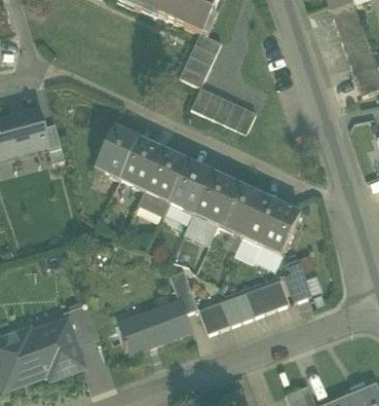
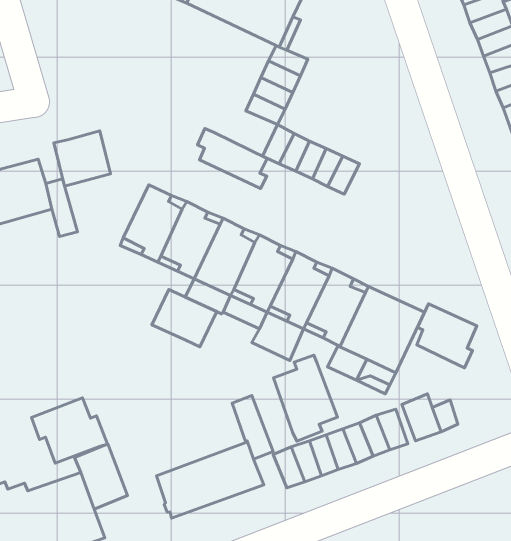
building: none -> [198,129,267,189]
building: none -> [54,131,111,186]
building: none -> [152,290,217,347]
building: none -> [417,304,477,368]
building: none -> [273,355,337,441]
building: none -> [32,398,108,463]

